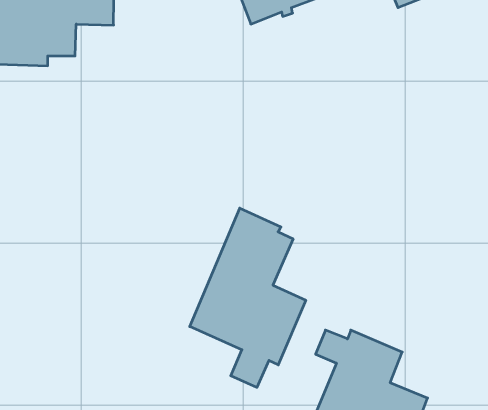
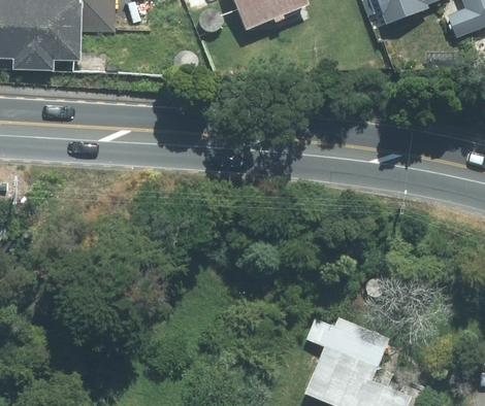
building: [190,208,306,387] -> none

